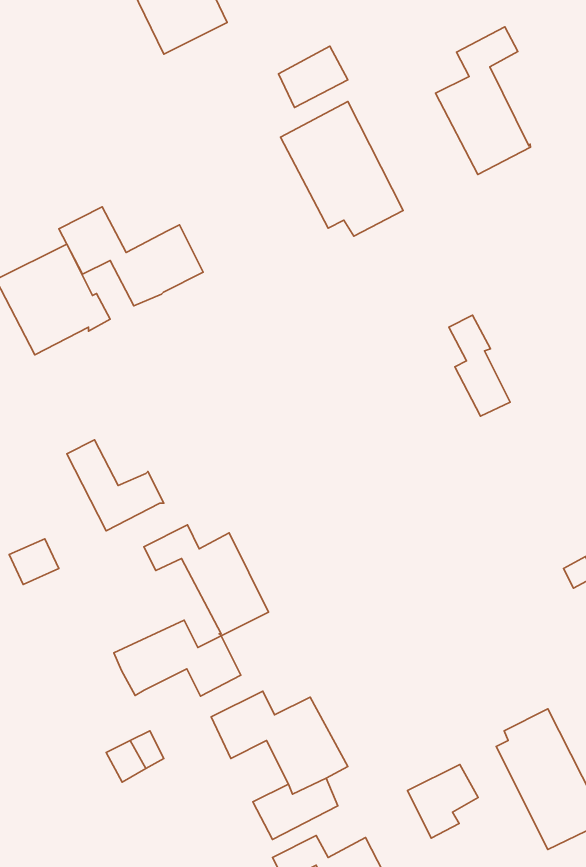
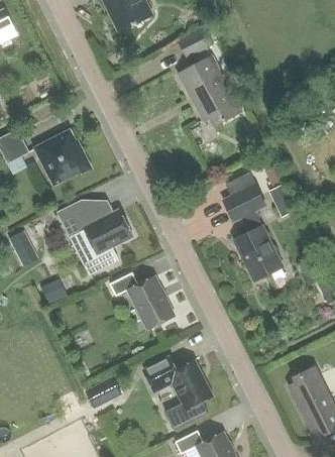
building: [435,27,531,175] -> none
building: [59,207,203,306] -> [58,202,131,252]
building: none -> [223,173,282,281]
building: [114,620,241,696] -> none
building: [408,764,478,838] -> none

